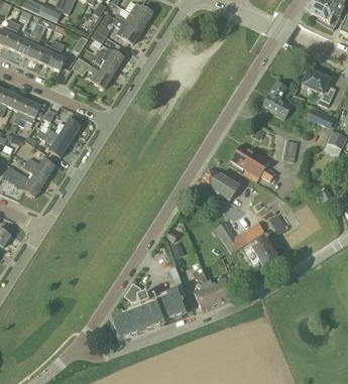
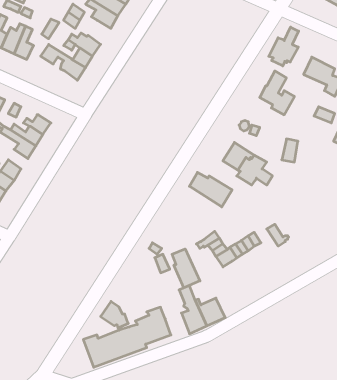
building: none -> [269,27,299,66]
building: none -> [172,249,200,288]
building: [252,236,278,265] -> none

